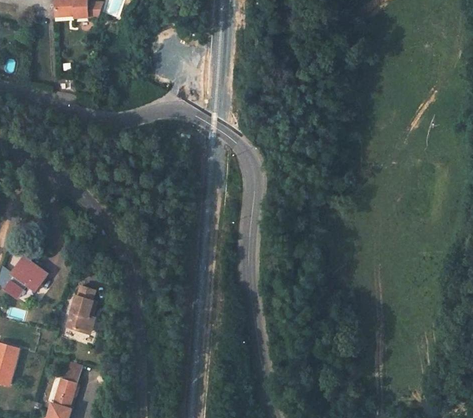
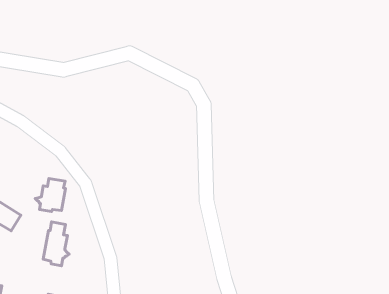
building: none -> [35,178,66,212]

